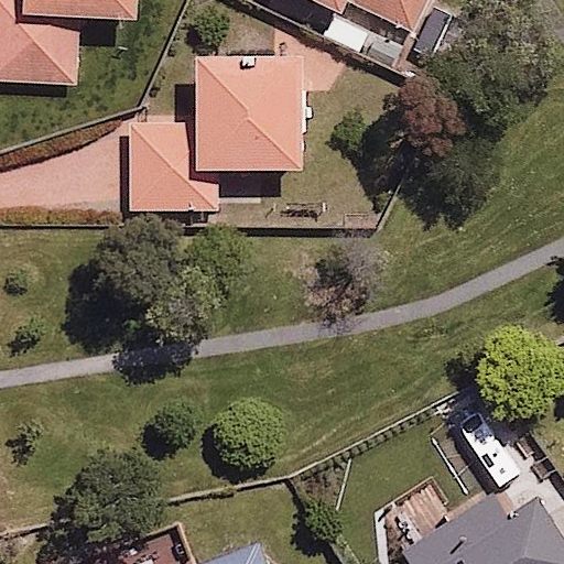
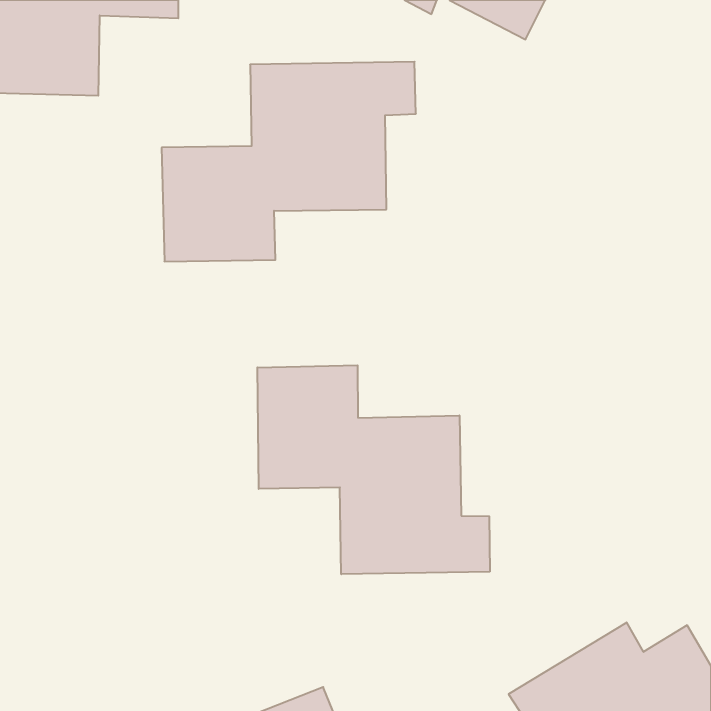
building: none -> [257,365,490,574]

